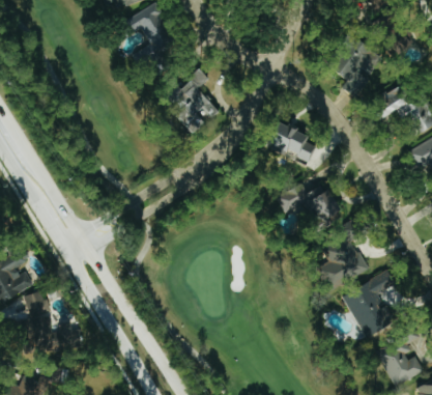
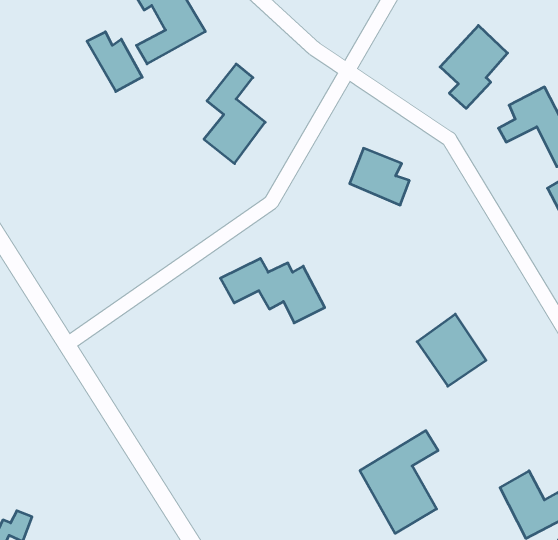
building: none -> [87,32,142,92]
building: [273,184,344,227] -> [220,258,325,323]
building: [342,271,395,340] -> [360,431,438,533]

